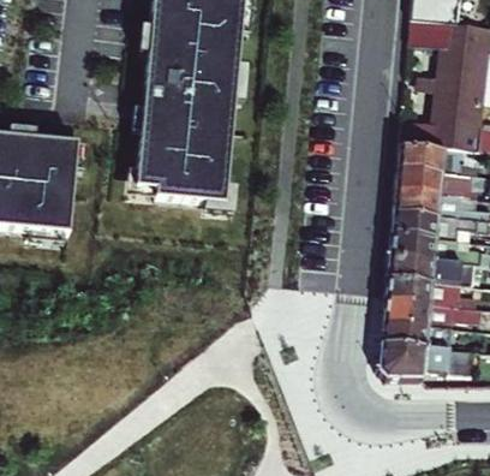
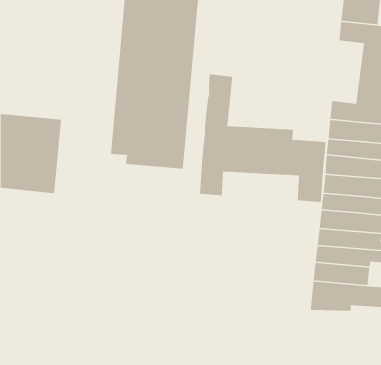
building: none -> [199,73,327,203]

